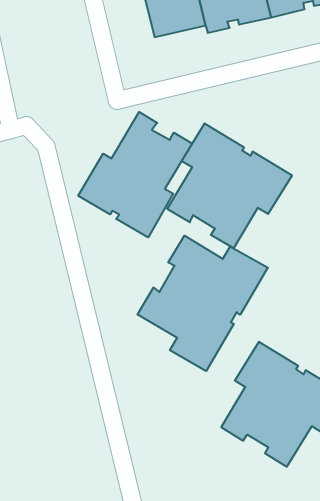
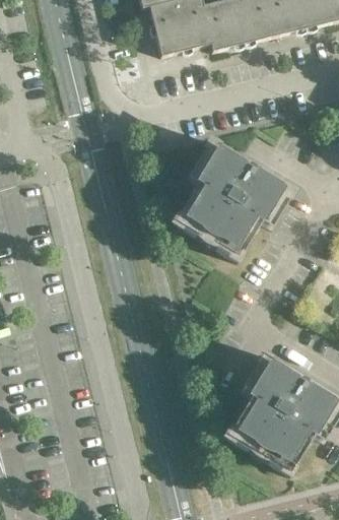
building: [78,112,192,237] -> none
building: [137,236,268,371] -> none

